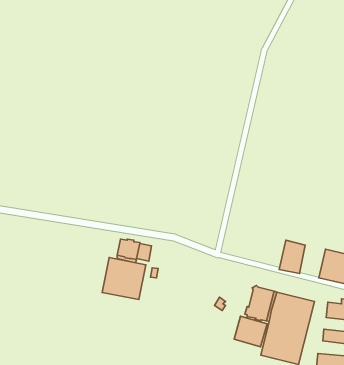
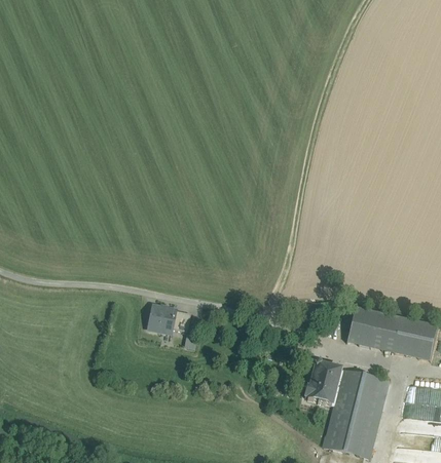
building: none -> [370,312,402,352]
building: [102,258,146,300] -> none
building: [234,316,267,347] -> none

